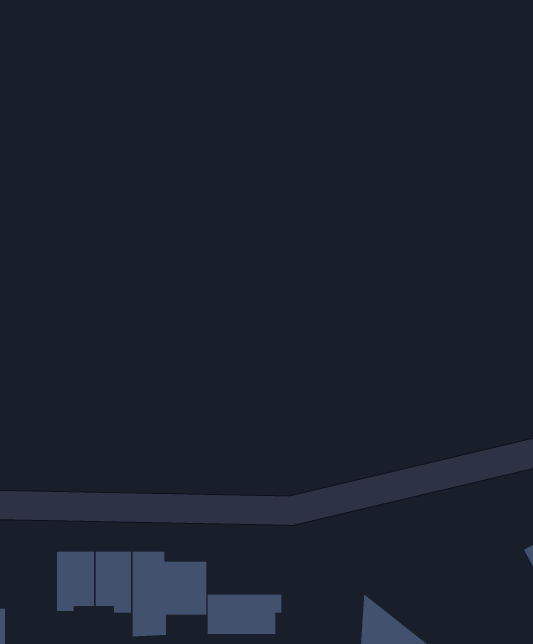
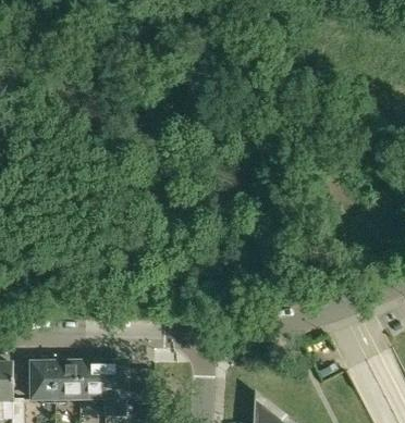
building: none -> [34,362,57,402]
building: [207,594,282,635] -> none

